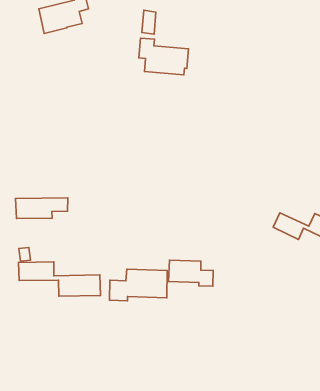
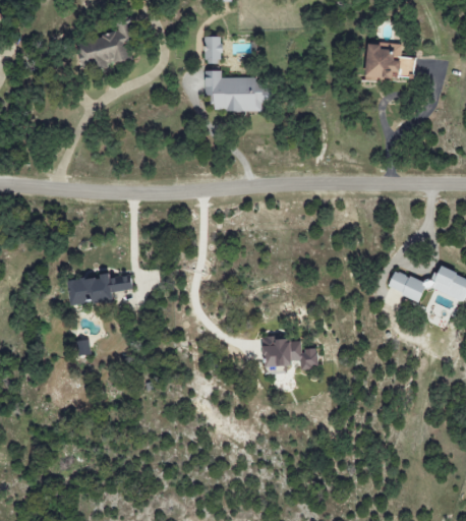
building: none -> [364,42,413,80]
building: [19,262,100,296] -> none
building: [109,269,167,301] -> none

